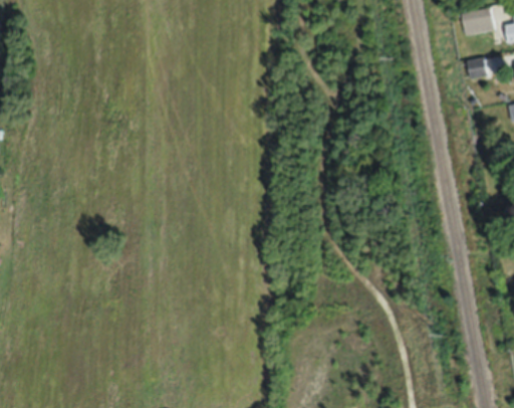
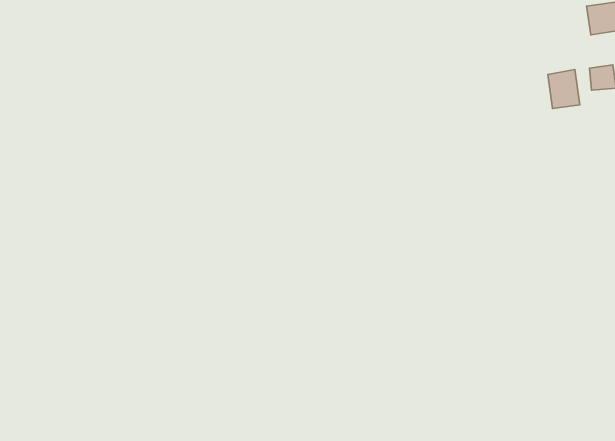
building: none -> [548,70,580,109]

